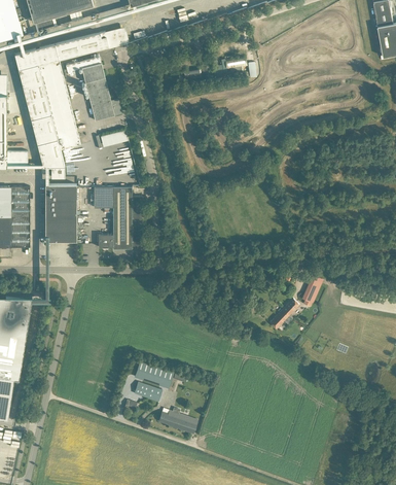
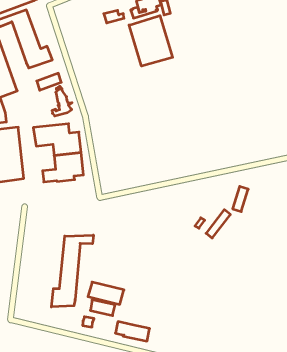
building: none -> [129,16,173,66]
building: none -> [51,235,93,307]

